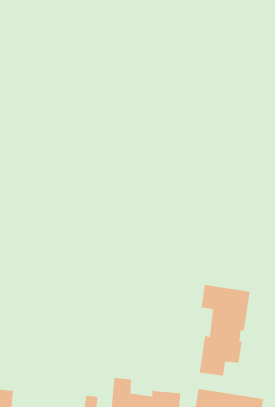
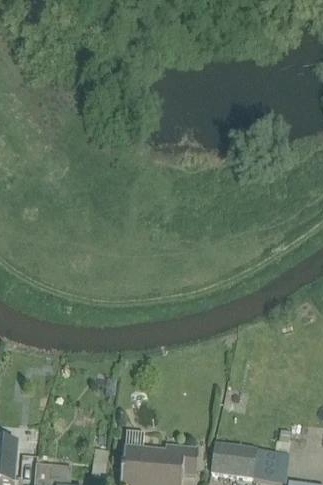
building: [199,284,250,376] -> none

